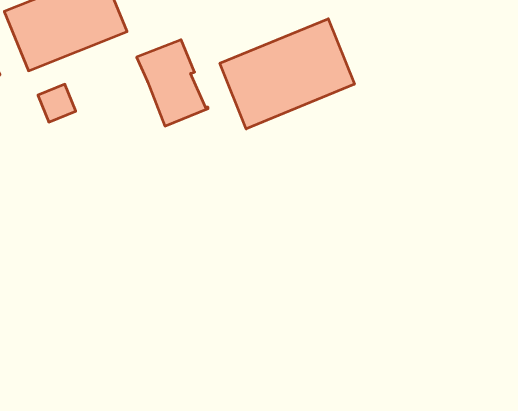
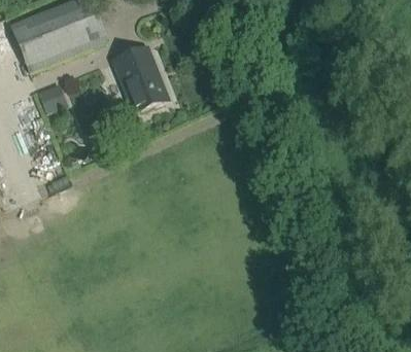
building: [220,19,354,129] -> none

